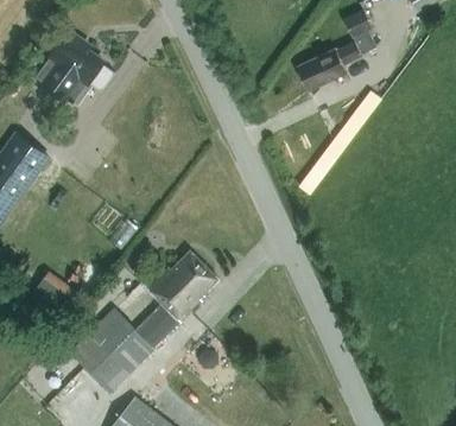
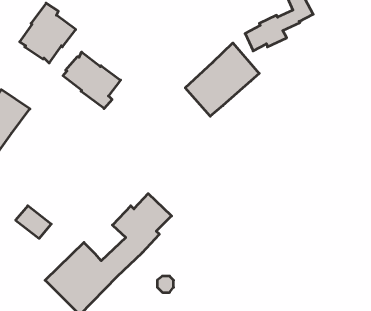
building: none -> [185,43,259,116]
building: none -> [63,52,121,109]

